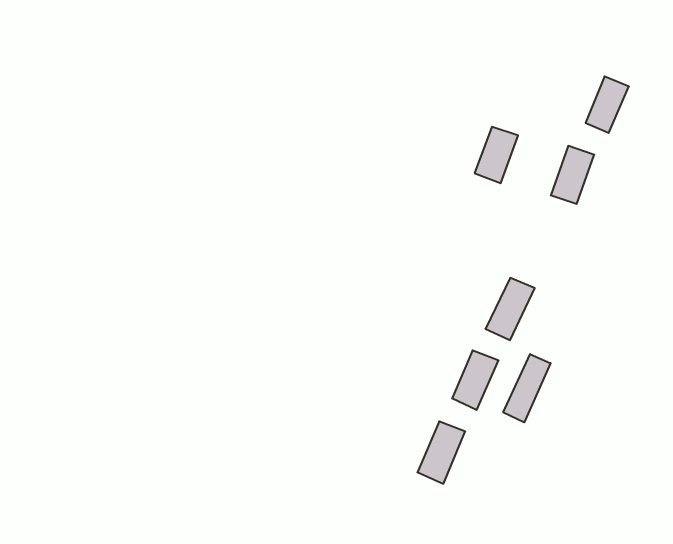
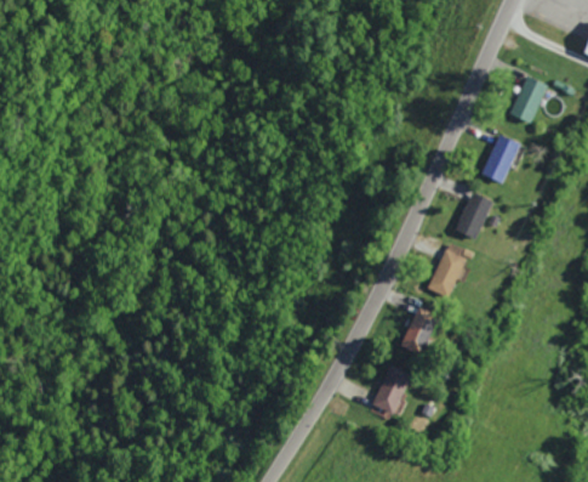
building: [475,127,518,183] -> [456,193,492,240]
building: [503,354,551,422] -> none

